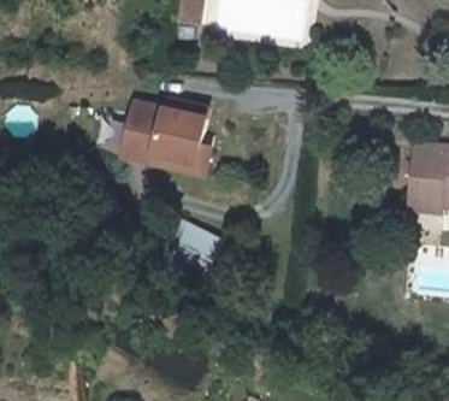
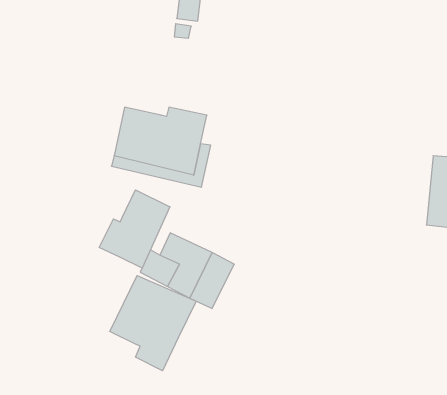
building: none -> [99,190,170,268]
building: none -> [110,276,196,371]

